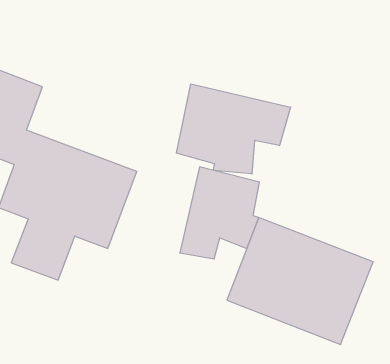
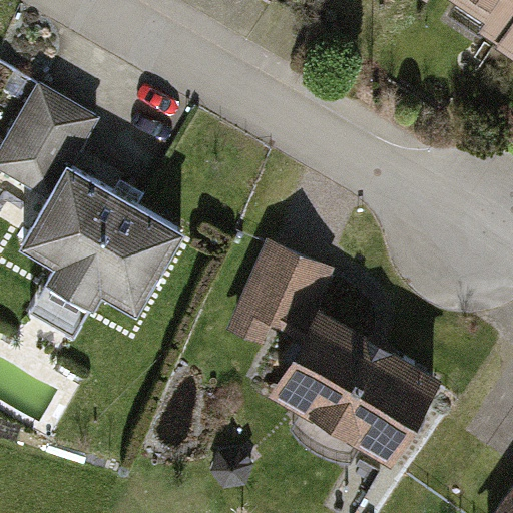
building: [176,84,291,174] -> none

